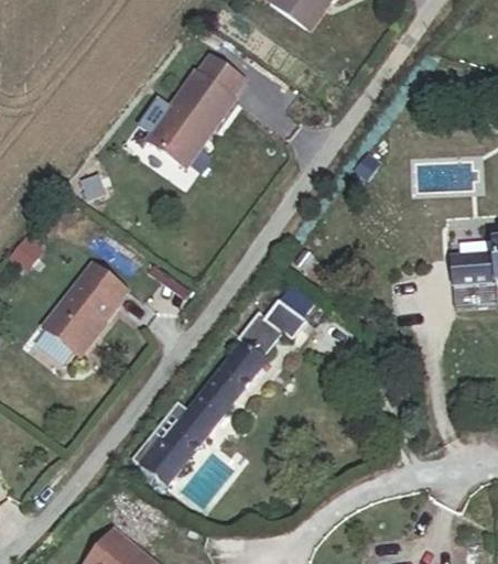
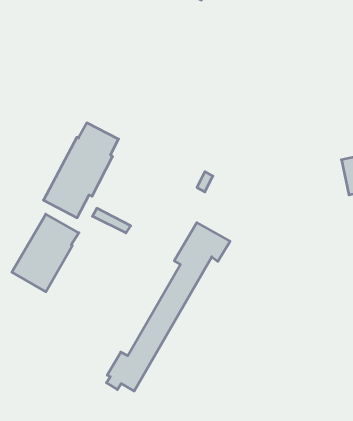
building: [145,54,245,165] -> [43,123,119,218]

